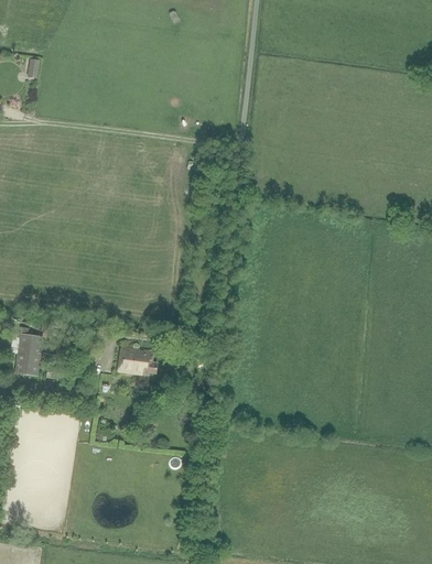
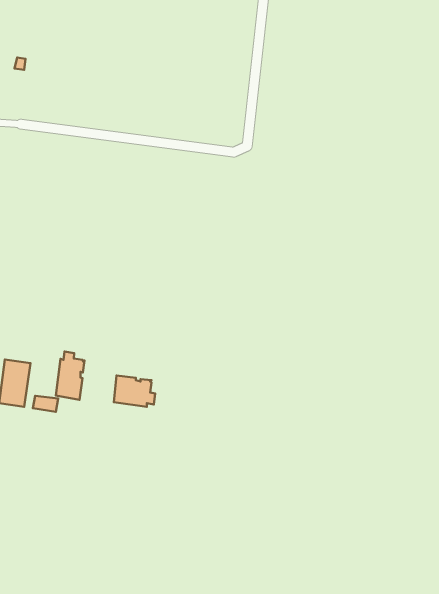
building: none -> [56,351,85,400]

